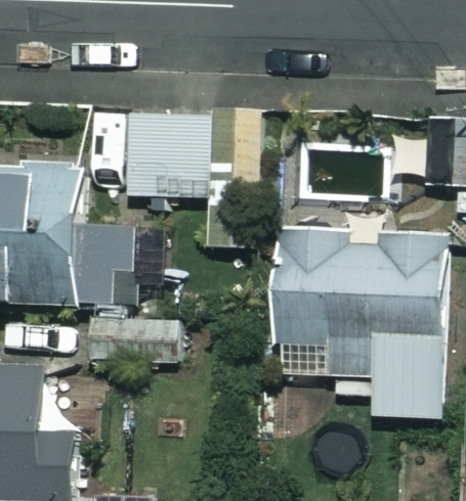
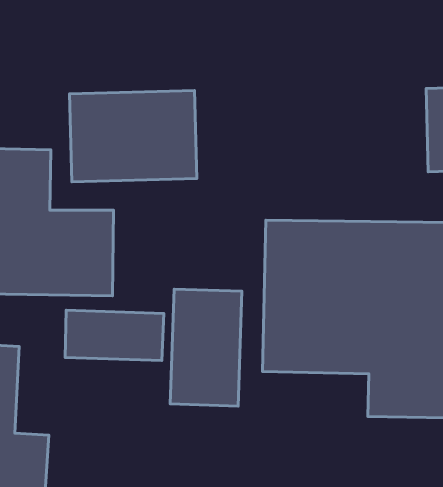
building: none -> [170,289,242,406]

